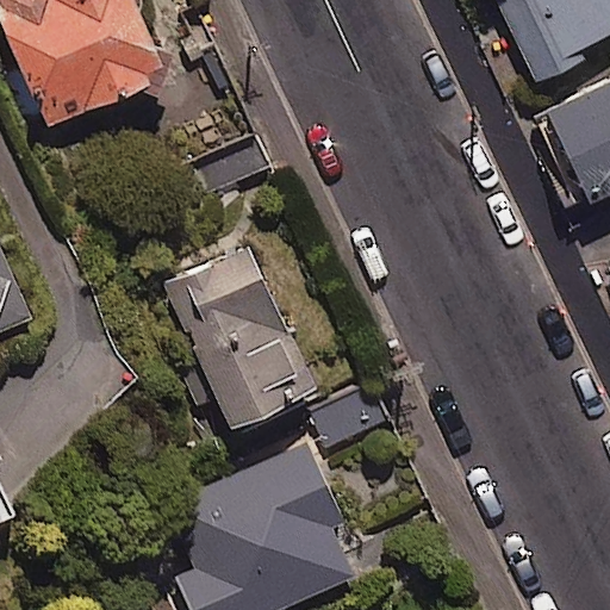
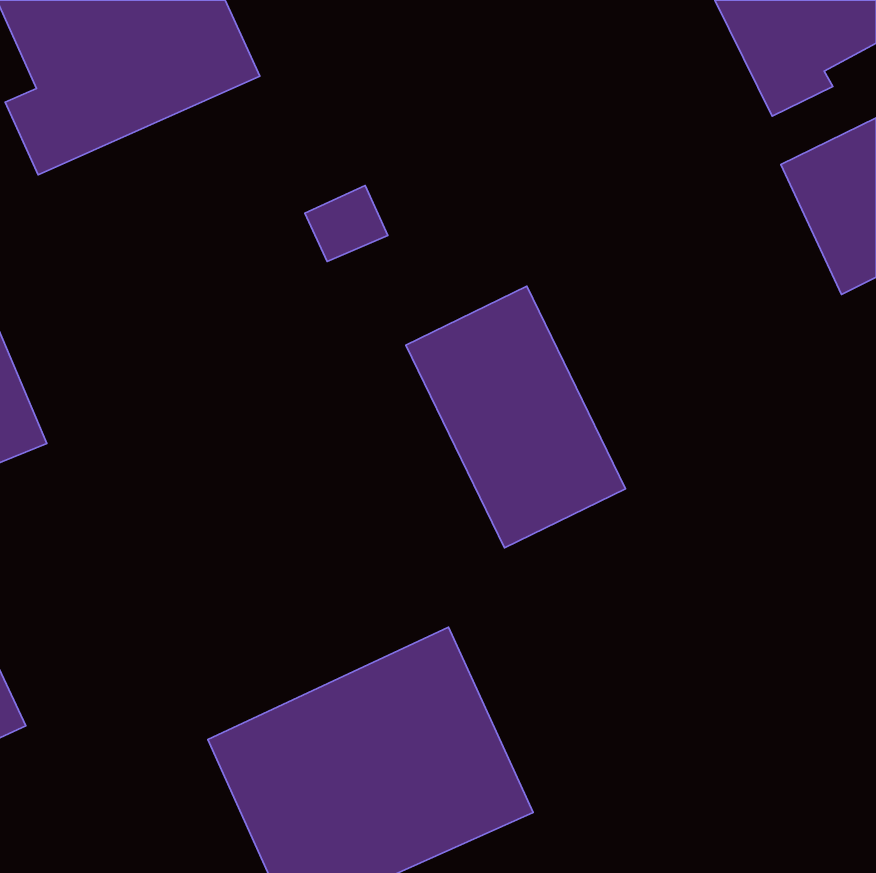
building: [164,242,316,422] -> [406,286,626,548]

